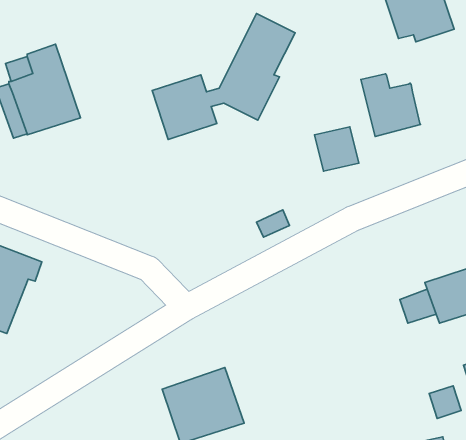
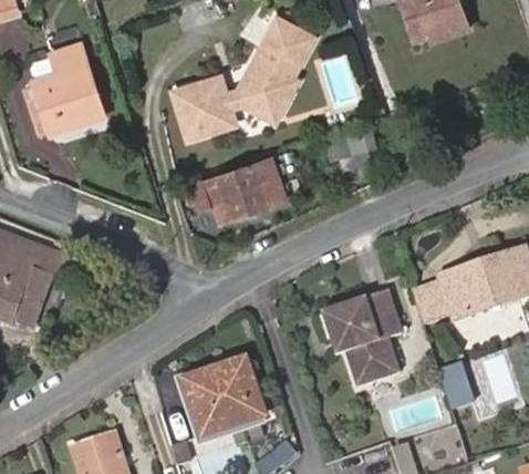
building: [361,74,420,136] -> none
building: none -> [186,157,286,221]
building: none -> [324,291,405,388]

